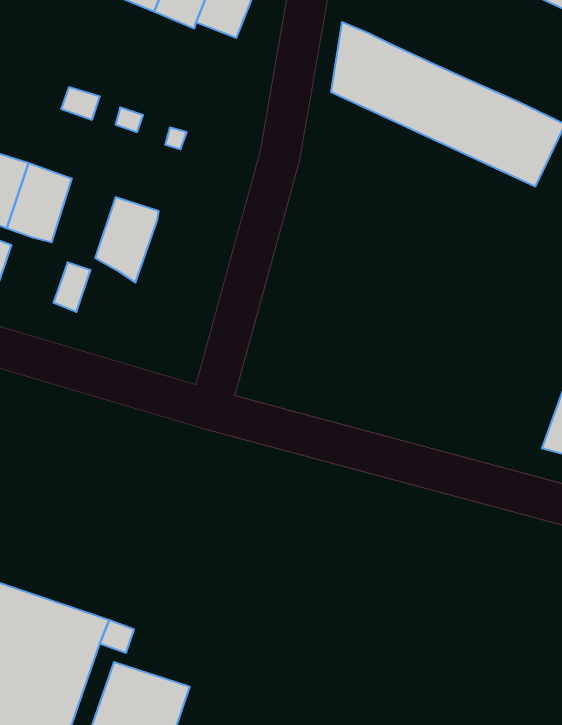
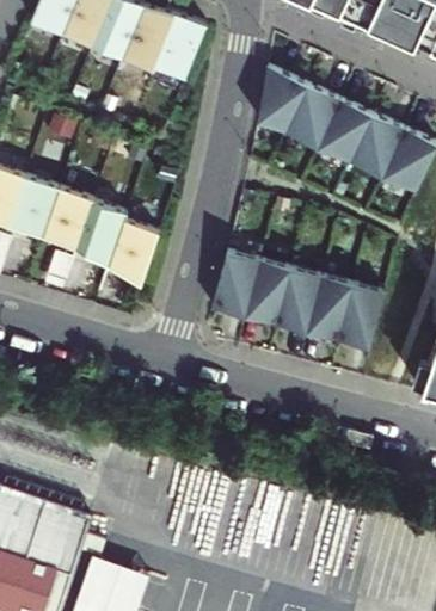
building: none -> [42,187,92,248]
building: none -> [106,220,158,286]
building: none -> [211,252,382,346]

